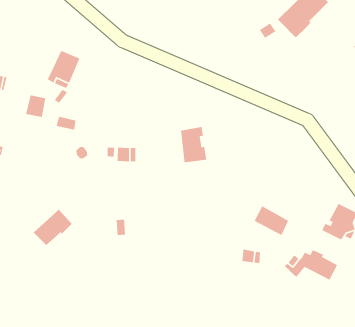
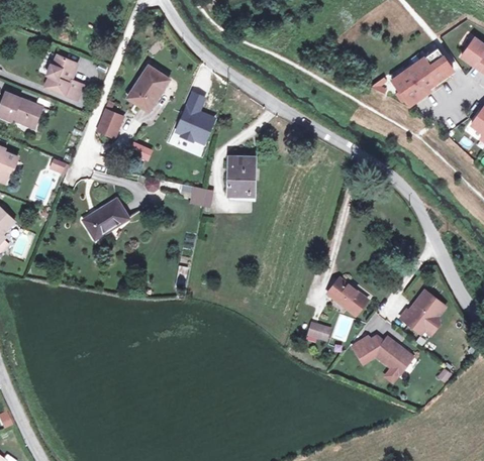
building: none -> [176,93,214,142]
building: [180,126,207,163] -> [227,158,255,197]
building: [33,209,73,246] -> [83,200,128,238]

